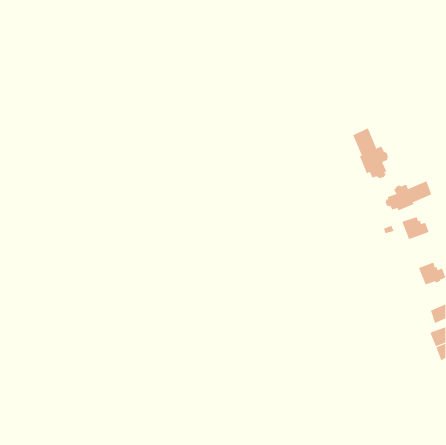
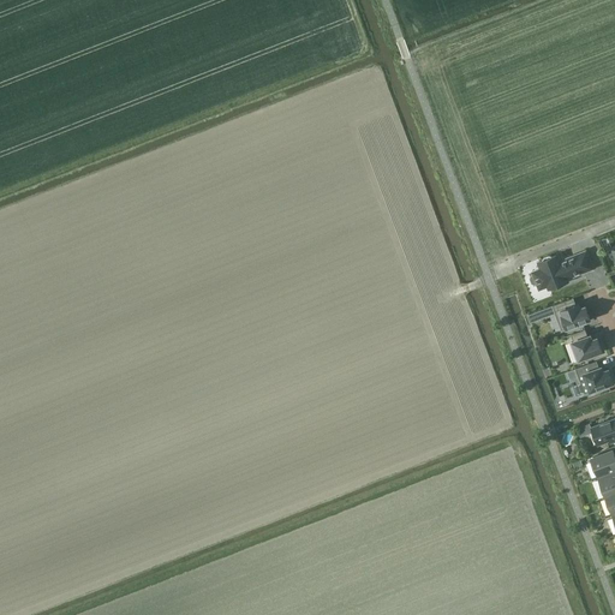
building: [353,127,388,179] -> none
building: none -> [572,330,603,362]

